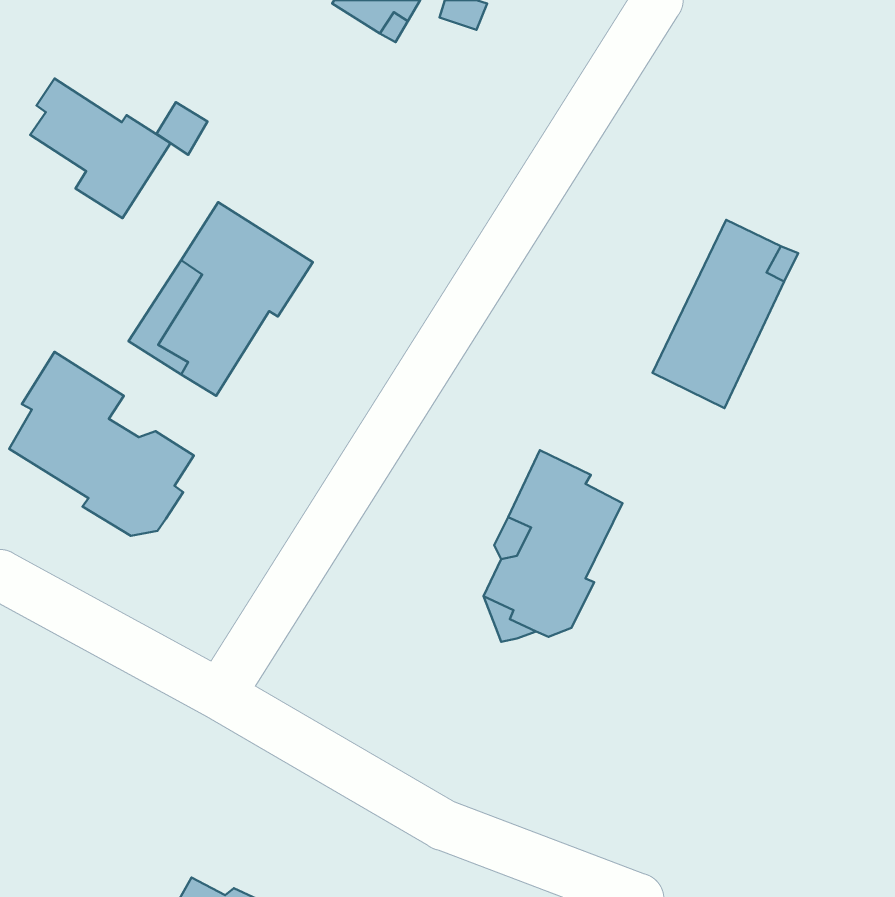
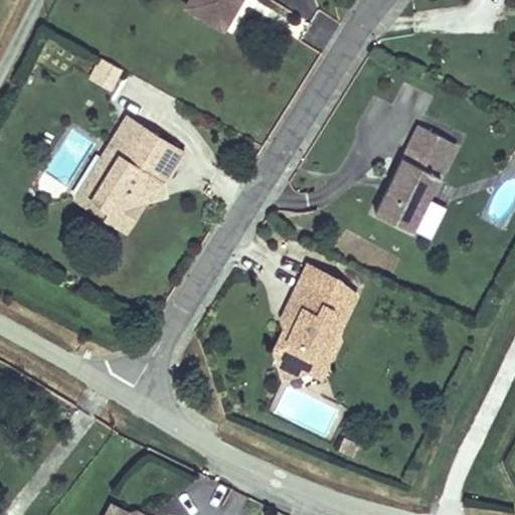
building: [30,79,171,218] -> none
building: [9,352,194,536] -> none

